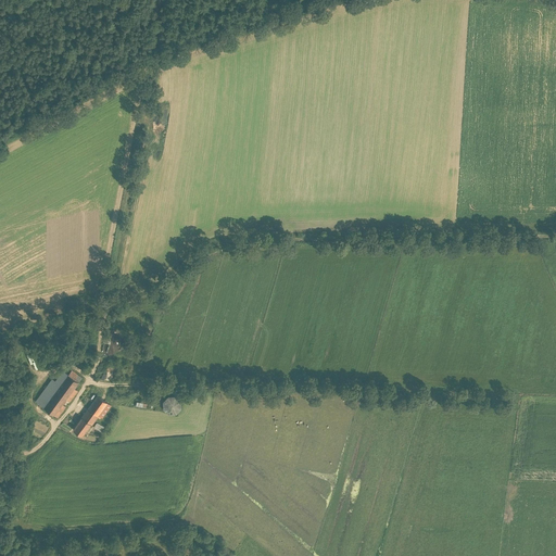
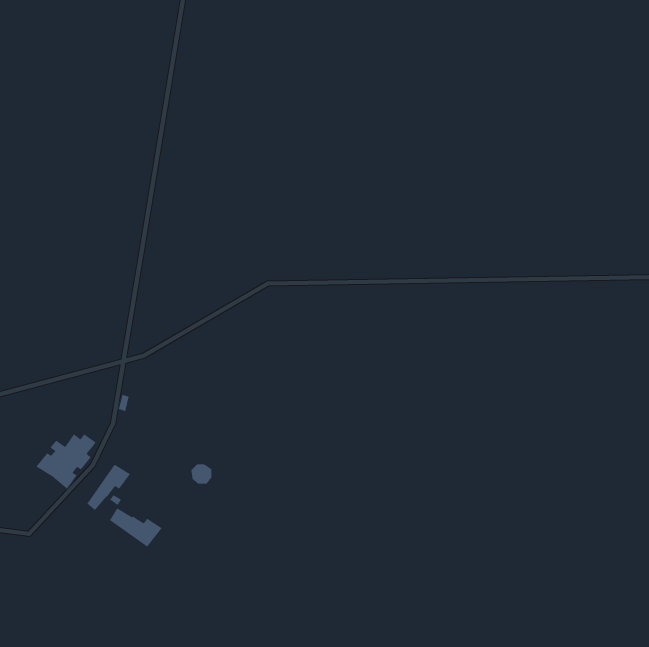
building: none -> [109,508,163,547]

